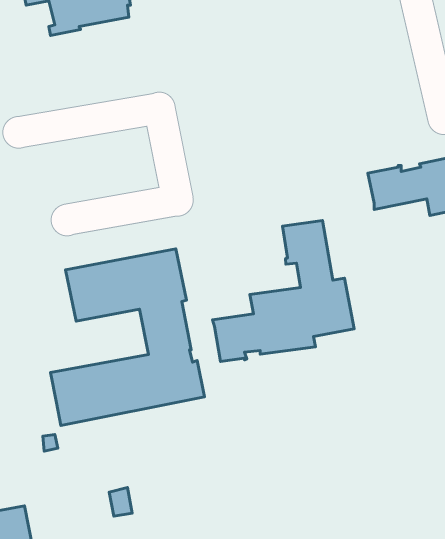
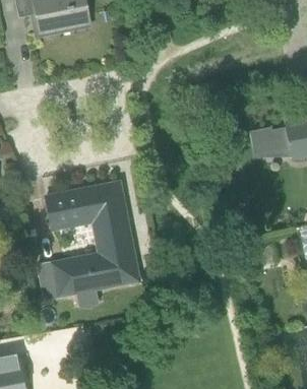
building: [212,220,354,362] -> none

